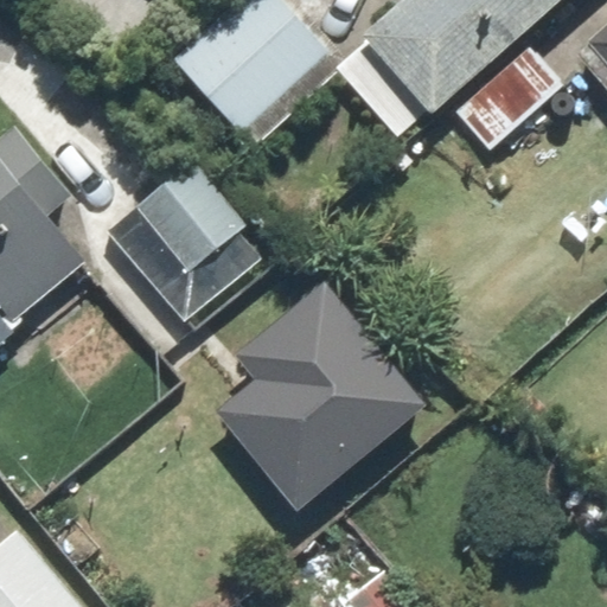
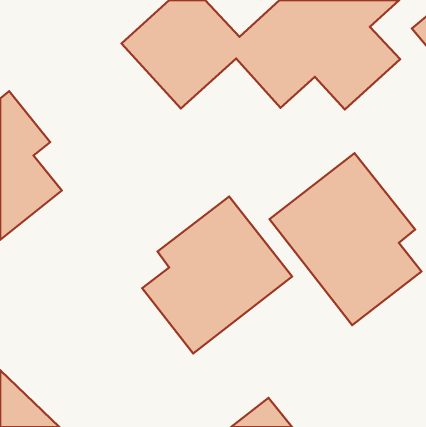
building: [98,153,255,306] -> none
building: none -> [270,153,421,325]

